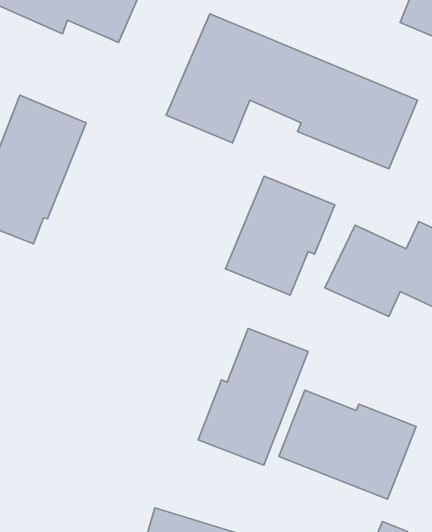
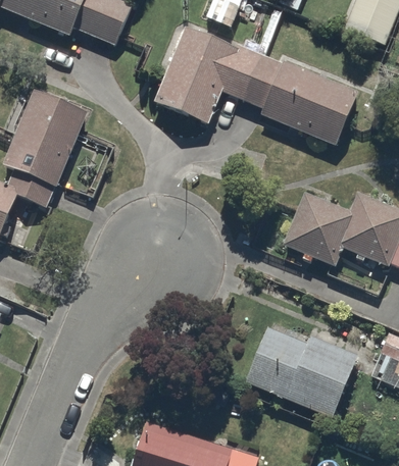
building: [226,176,335,295] -> none
building: [198,329,308,465] -> none

